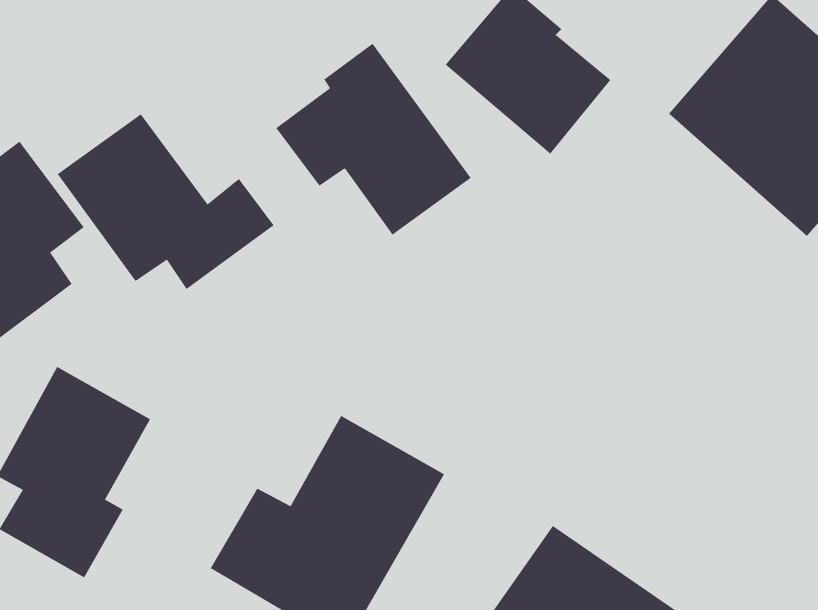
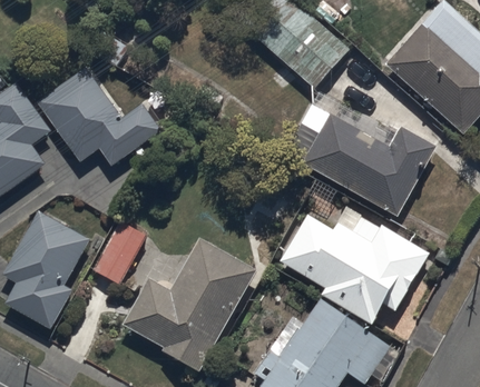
building: [275,43,472,235] -> none
building: none -> [287,102,434,215]
building: none -> [278,214,430,325]
building: none -> [92,219,147,284]

